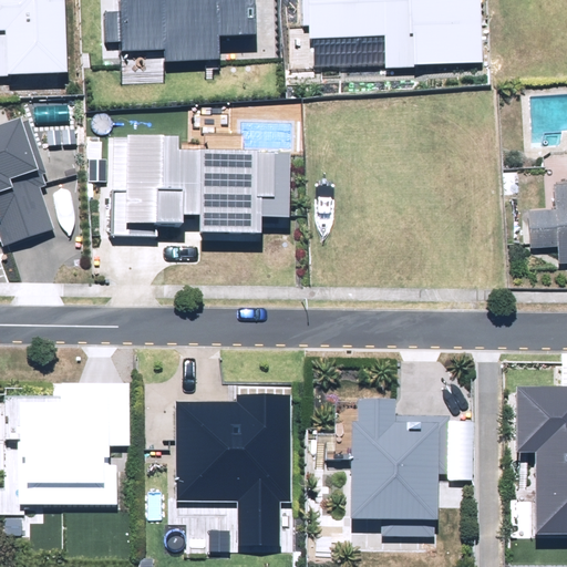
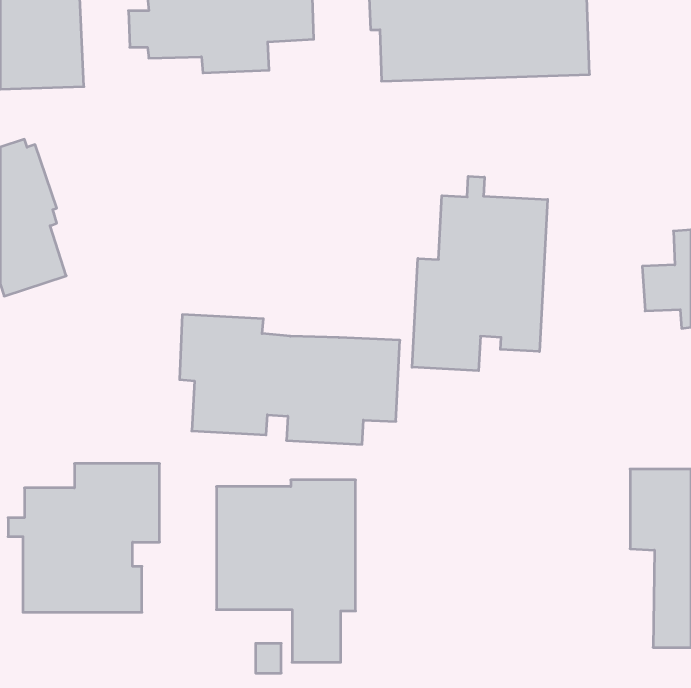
building: [111,144,291,250] -> [180,315,400,444]
building: none -> [412,176,548,371]
building: [342,410,450,532] -> none

